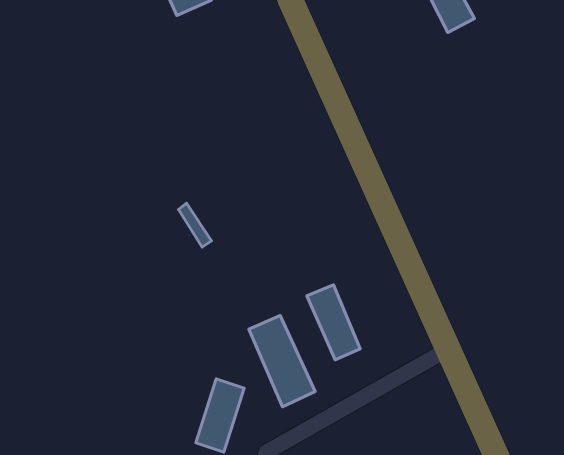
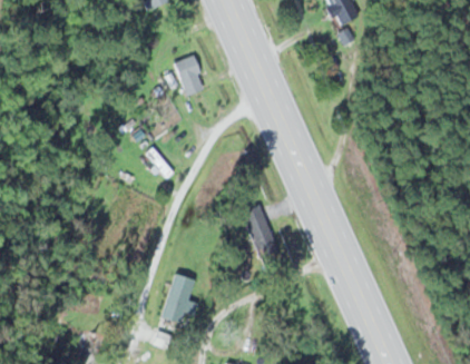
building: none -> [174,56,205,97]
building: [249,315,315,407] -> none

